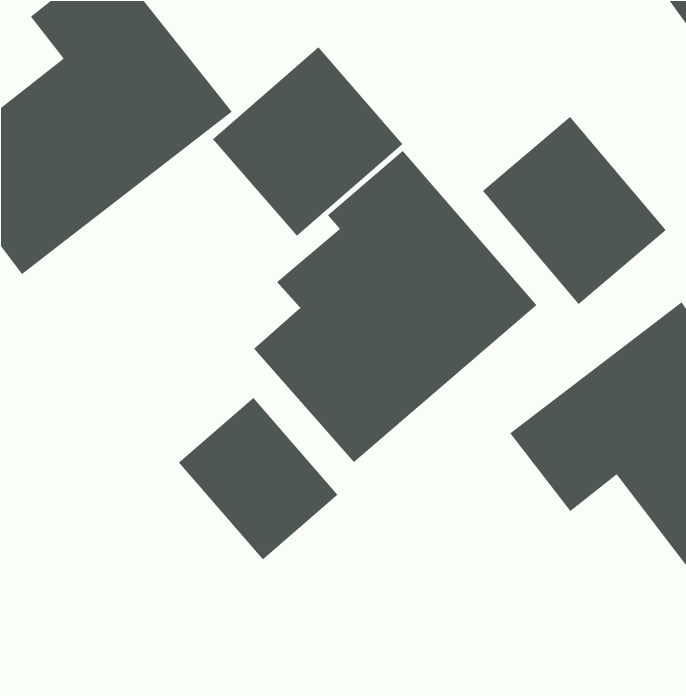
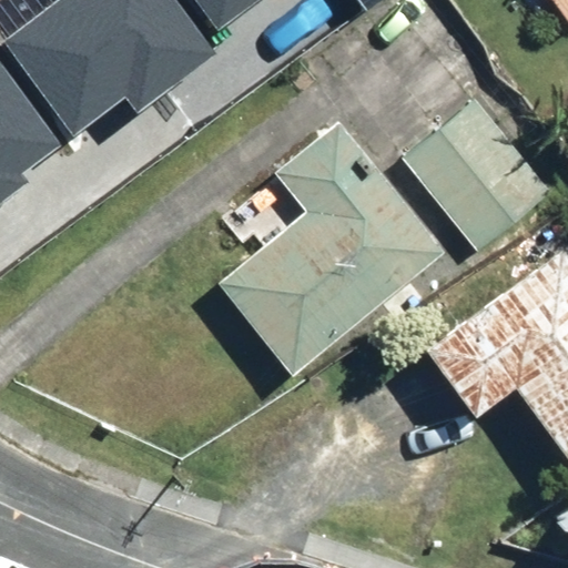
building: [212,46,404,237] -> none
building: [178,397,339,561] -> none

